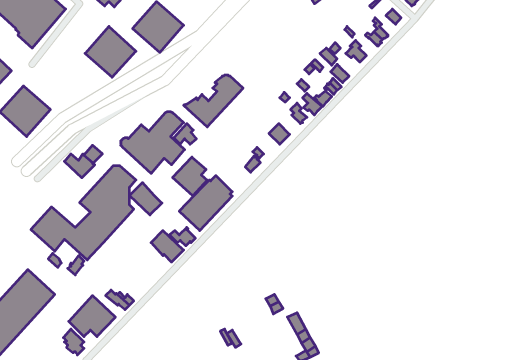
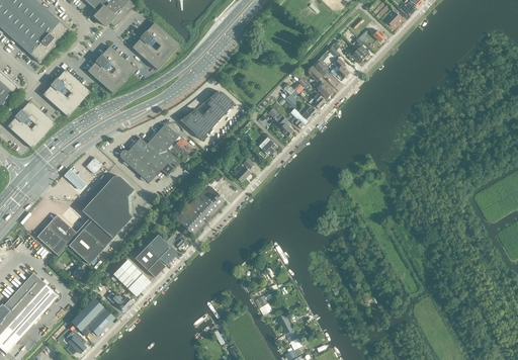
building: none -> [41,68,89,115]
building: [173,157,207,196] -> none
building: [129,183,162,215] -> [136,247,166,277]
building: none -> [112,258,151,296]

